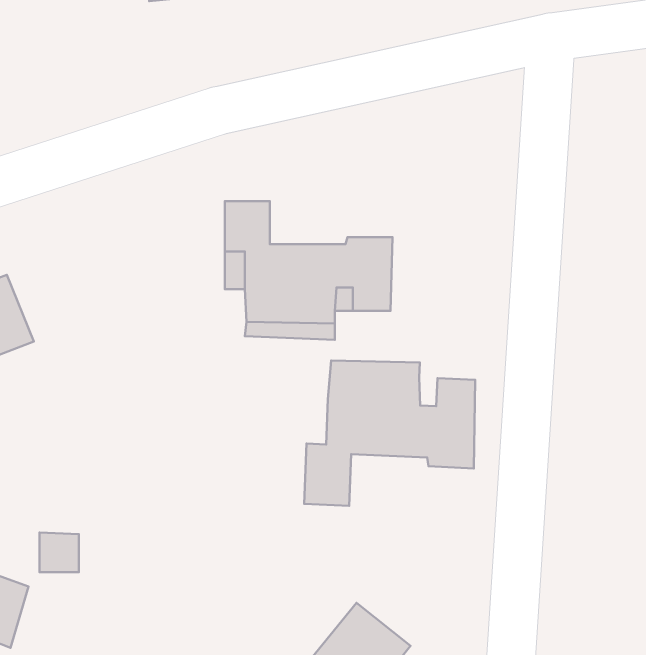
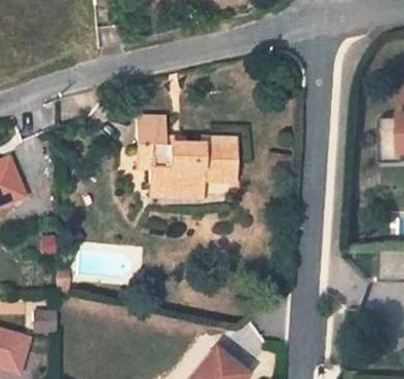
building: [304,361,475,506] -> none

